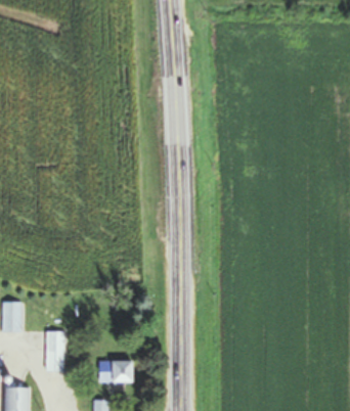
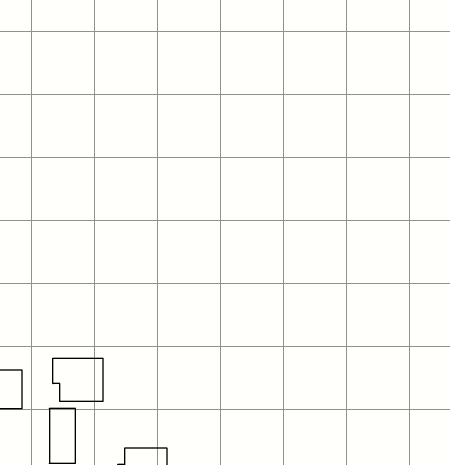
building: none -> [53,358,103,401]

